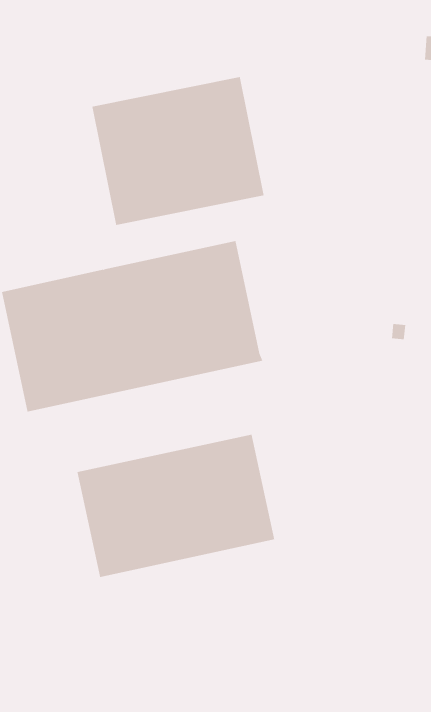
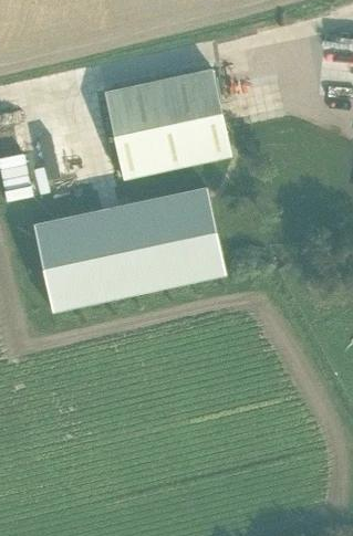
building: [77,434,275,578] -> none

